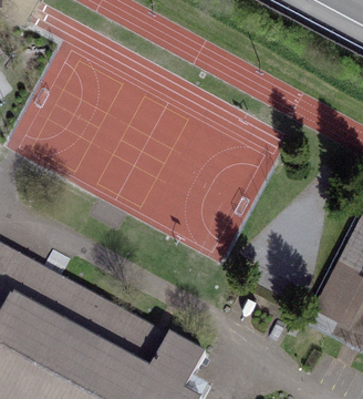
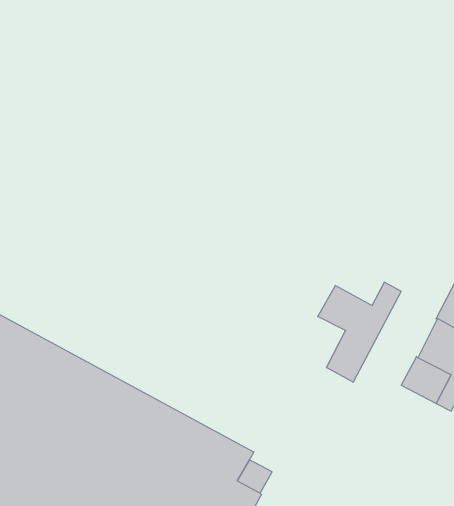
building: none -> [318,282,401,382]

